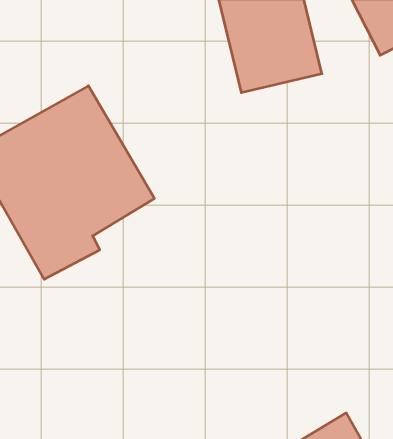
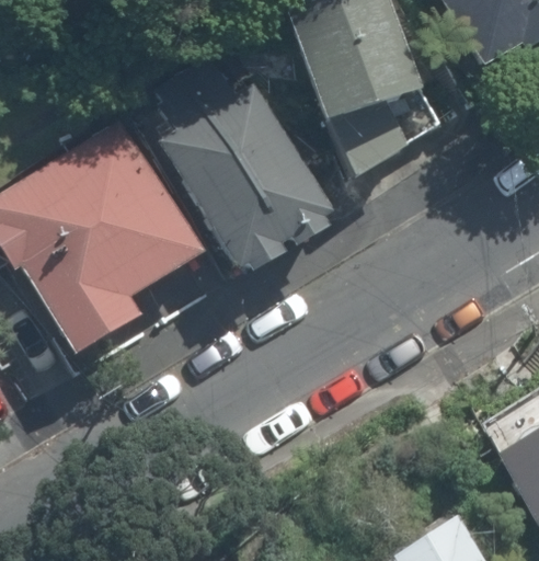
building: none -> [146,62,342,277]

